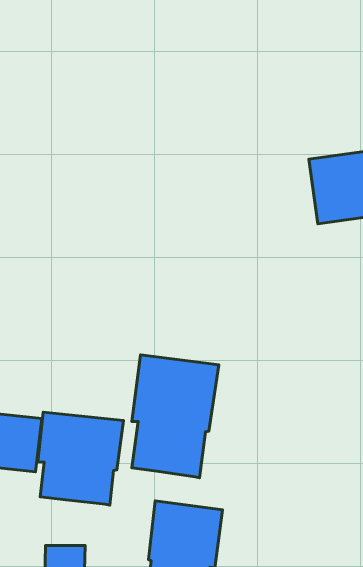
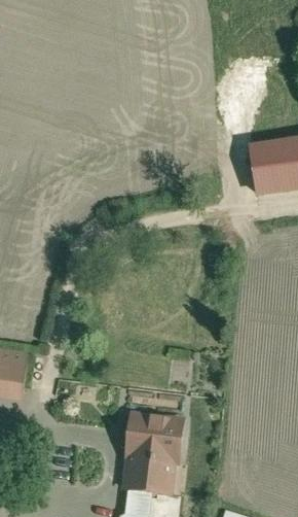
building: [132,355,219,478] -> none
building: [38,412,124,505] -> none

